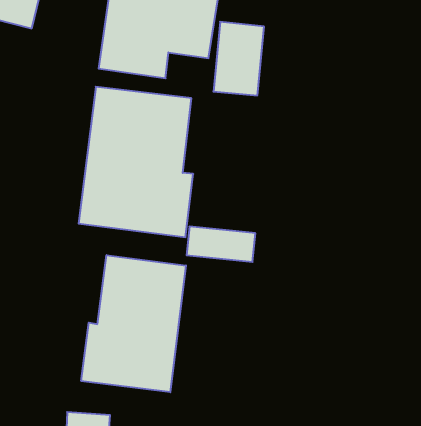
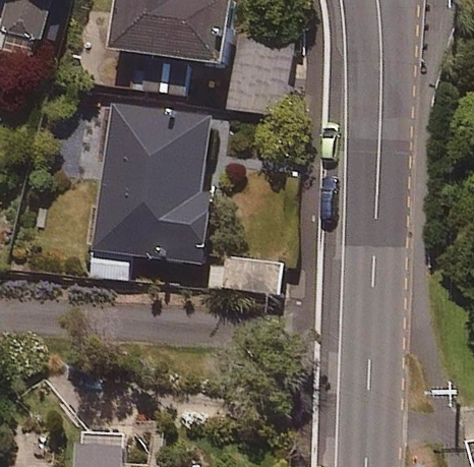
building: [81,255,186,392] -> none

